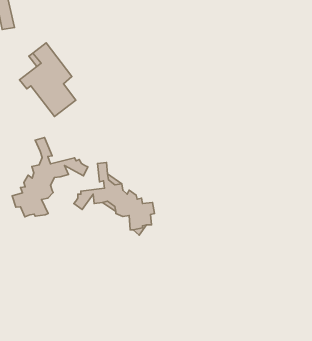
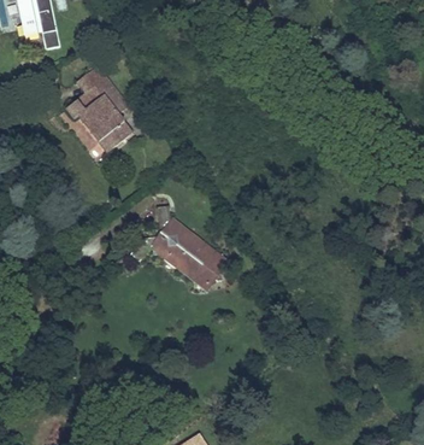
building: [12,138,88,217] -> none

